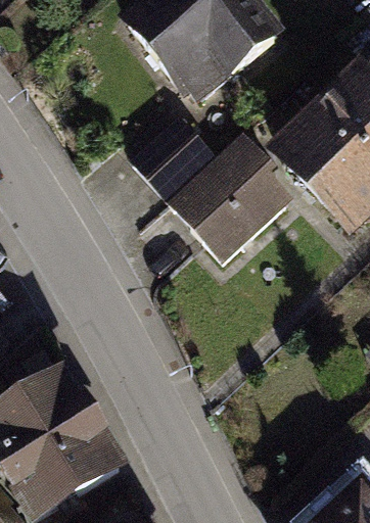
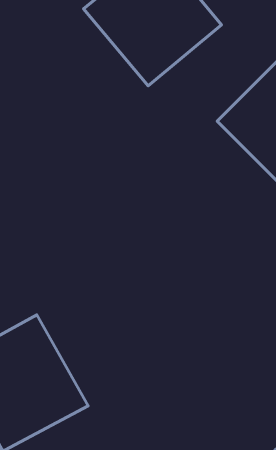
building: [131,117,291,262] -> none

